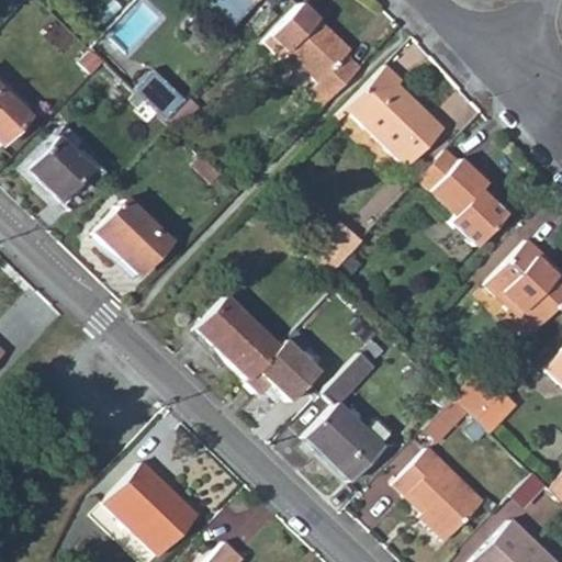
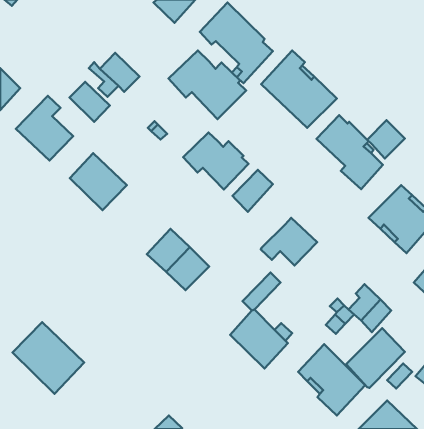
building: none -> [168,51,246,119]
building: none -> [70,82,110,122]
building: none -> [367,120,405,159]
building: none -> [183,132,248,189]
building: [248,339,322,402] -> [261,218,317,266]
building: none -> [346,328,405,388]
building: [105,462,199,555] -> [13,322,84,394]

